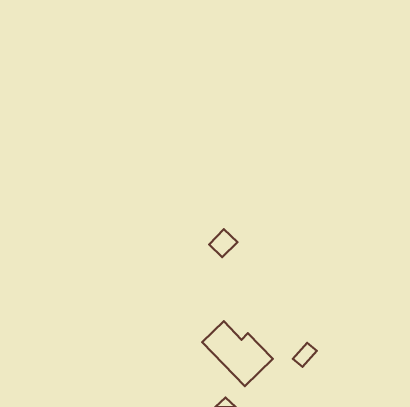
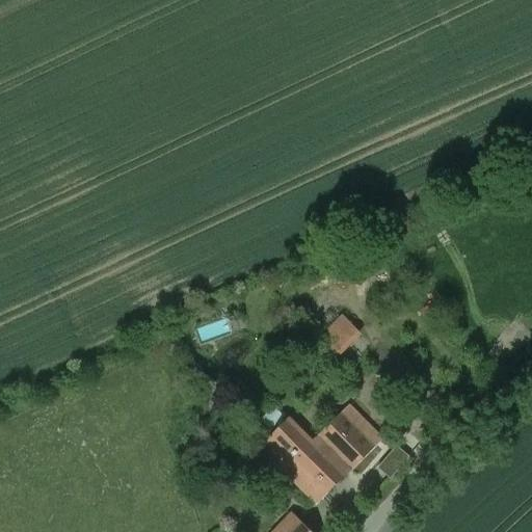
building: [209,229,237,257] -> [324,315,361,351]
building: none -> [321,410,375,466]

